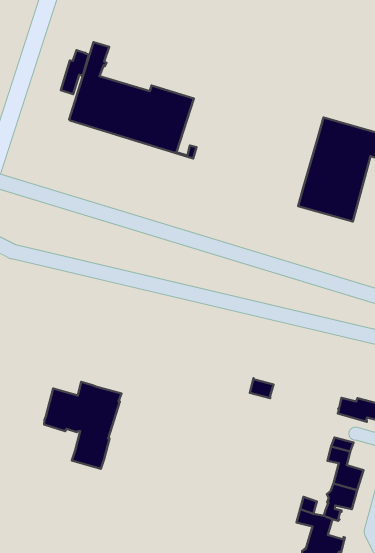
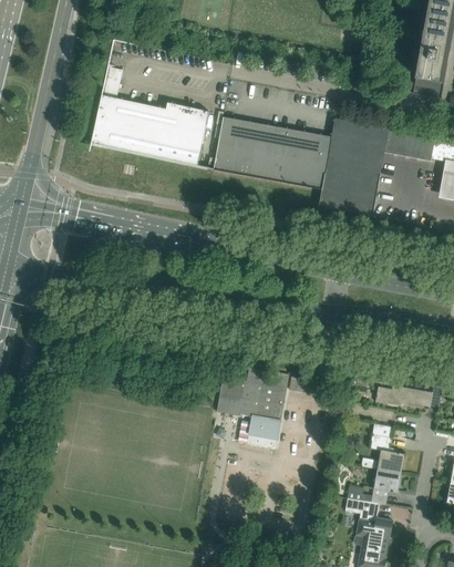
building: [61,50,89,94] -> none
building: none -> [214,116,332,188]
building: [44,382,122,469] -> [217,367,289,449]

